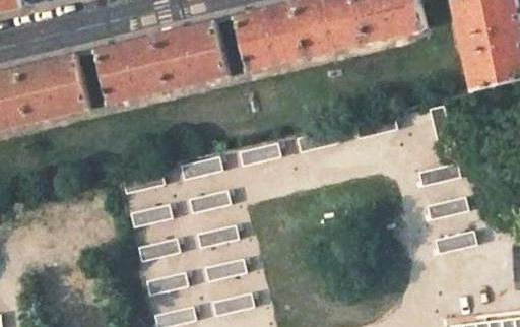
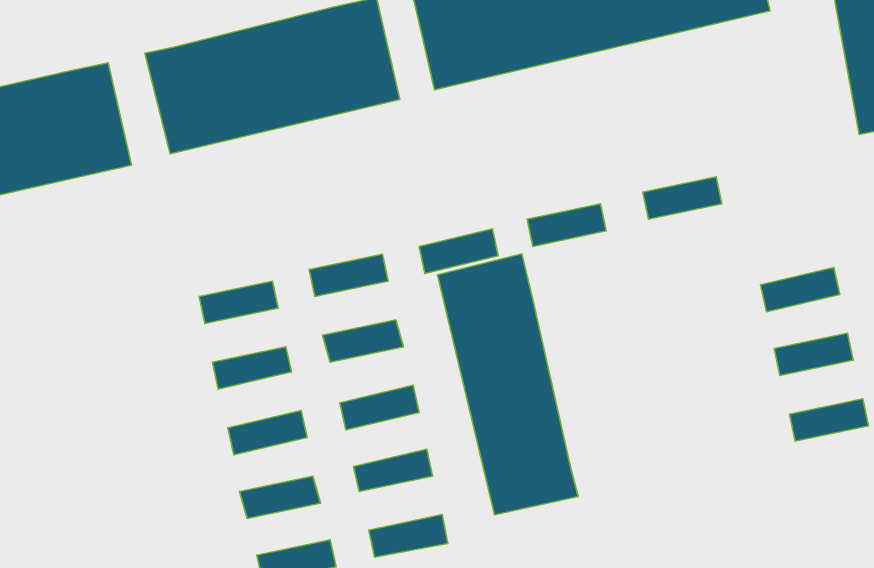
building: none -> [438,254,578,515]

